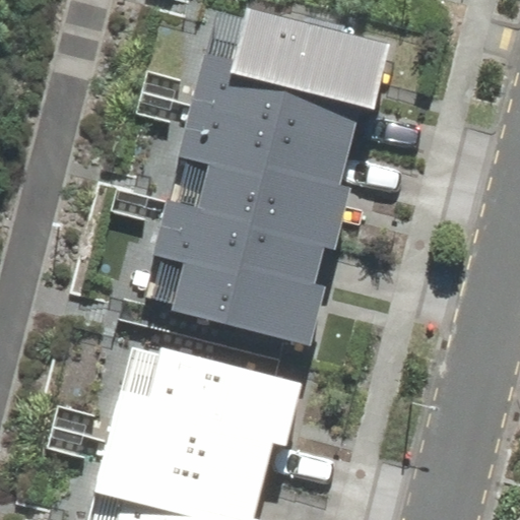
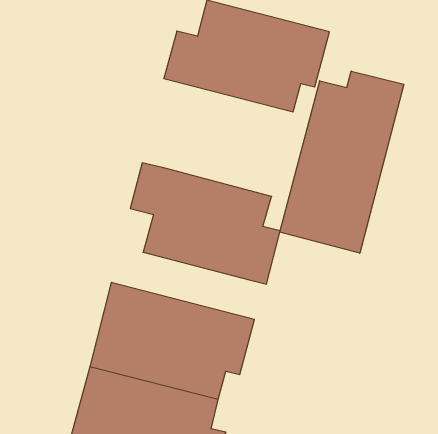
building: none -> [280,71,404,253]
building: [179,100,353,243] -> none

